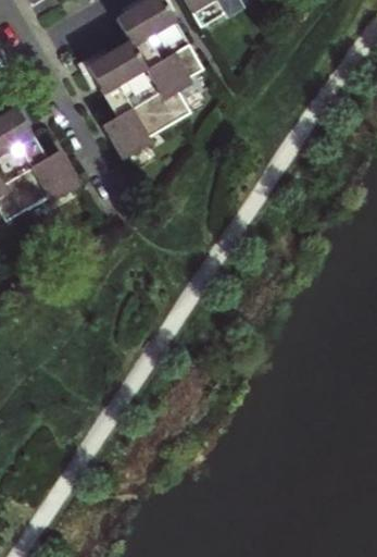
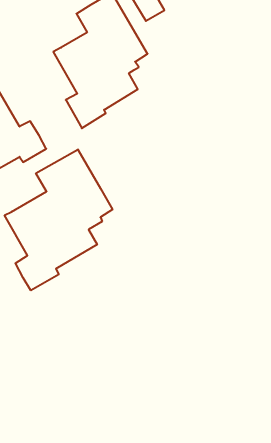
building: none -> [5,149,112,290]

